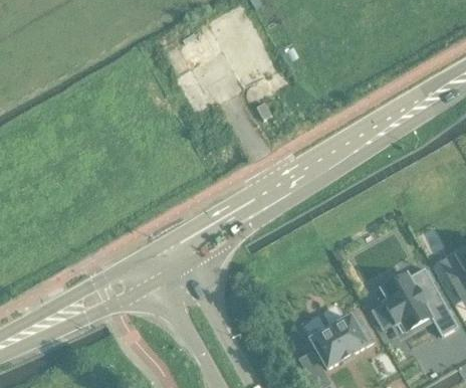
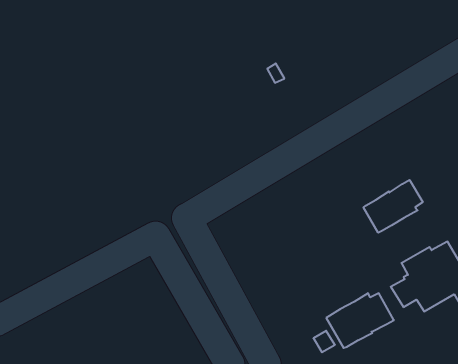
building: none -> [363,180,423,233]

